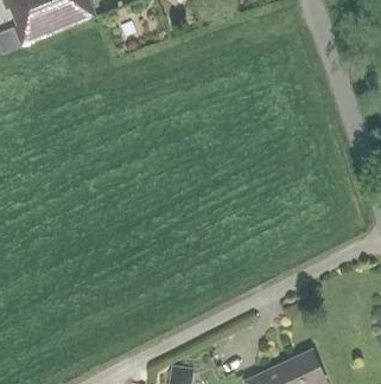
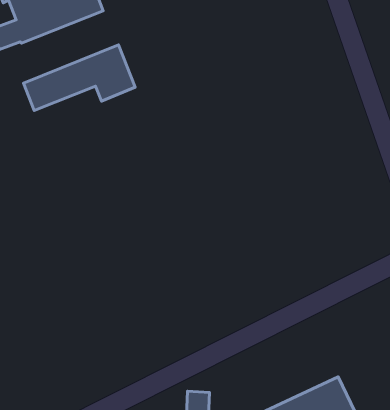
building: none -> [24,45,135,111]

